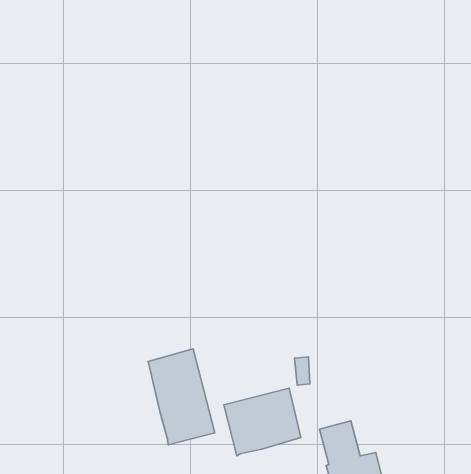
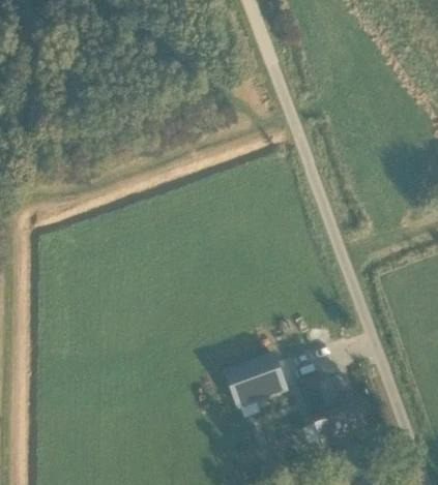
building: [148,349,215,445] -> none

